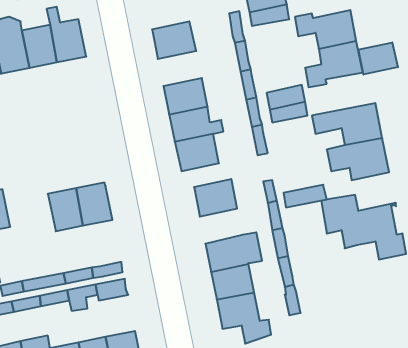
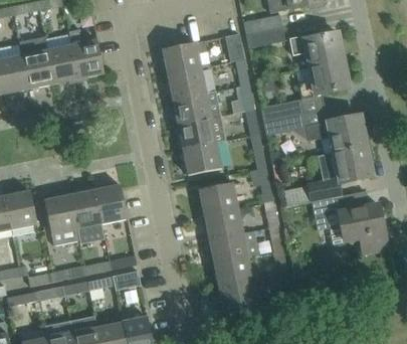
building: [359,42,398,75] -> none
building: none -> [168,68,207,100]
building: none -> [45,195,79,245]
building: none -> [205,208,243,239]

